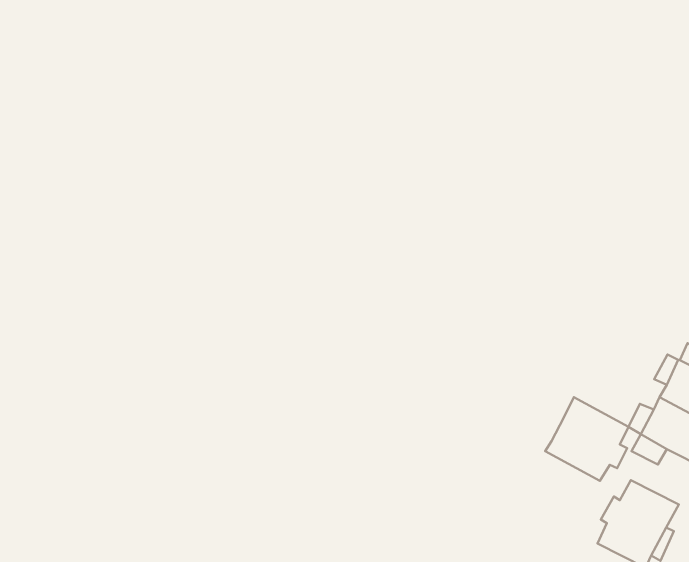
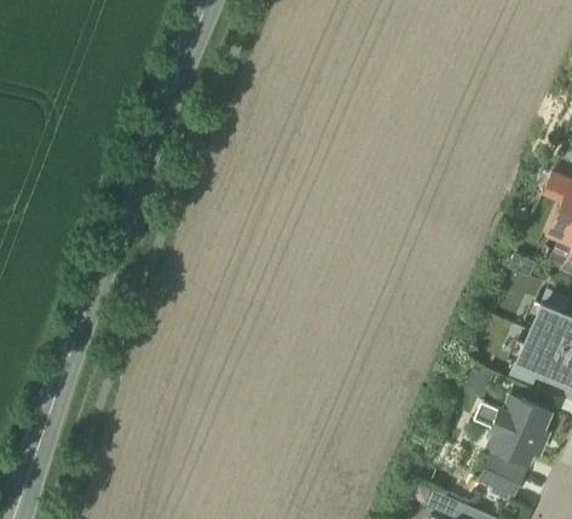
building: [545,397,628,481] -> none

